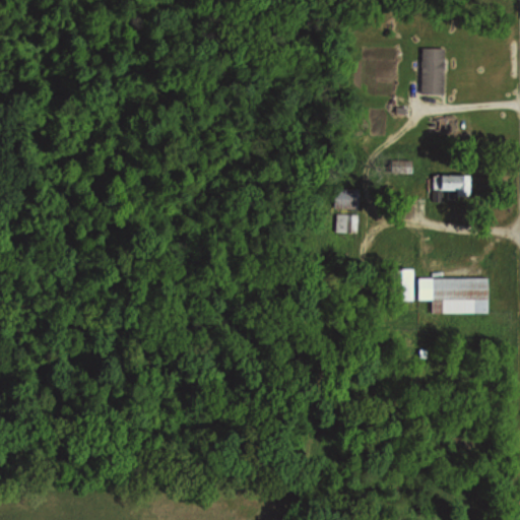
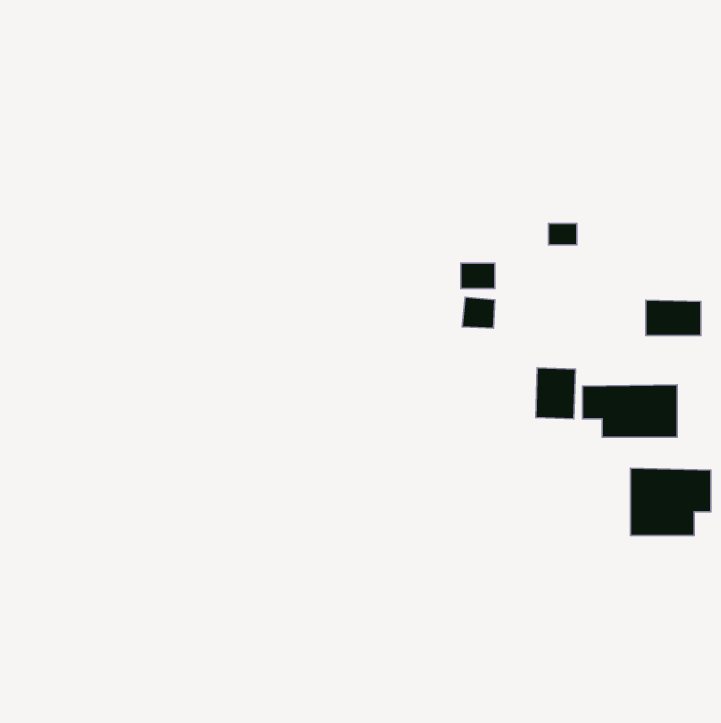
building: [419,50,446,93] -> none
building: [431,175,470,200] -> [646,300,701,335]
building: none -> [631,468,711,536]

